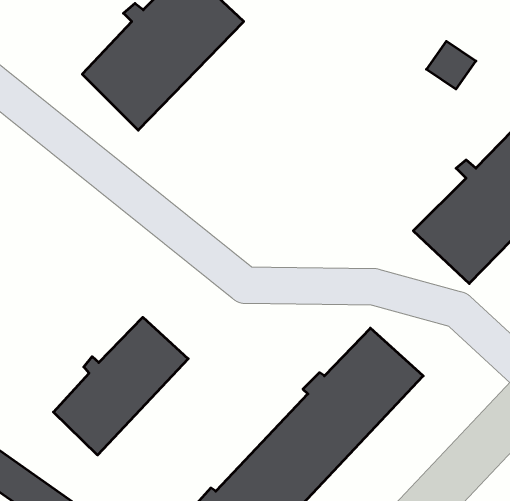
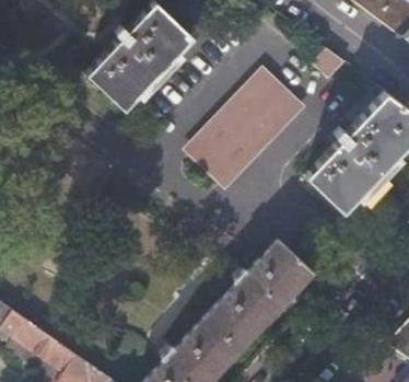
building: none -> [183,69,307,194]
building: [53,317,188,455] -> none

